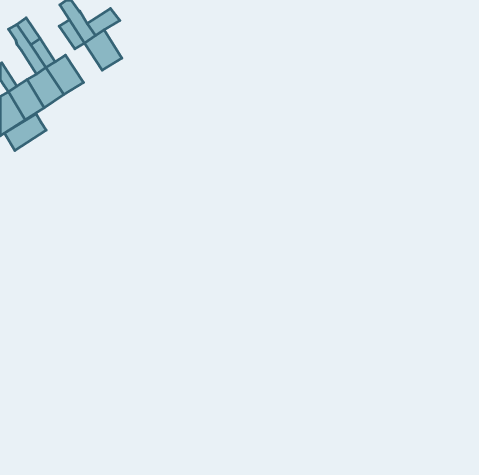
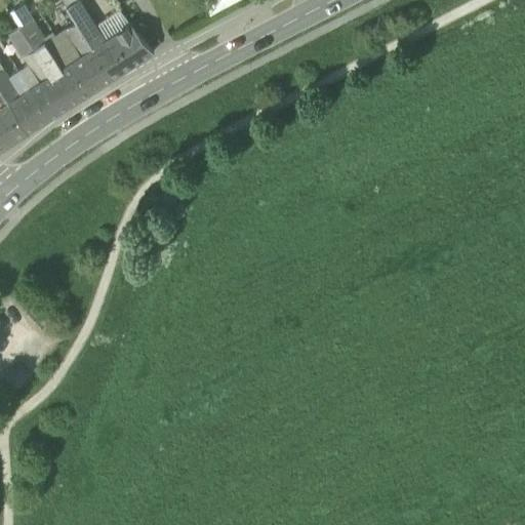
building: none -> [114,27,153,68]
building: none -> [72,51,112,94]
building: [4,114,46,151] -> none

